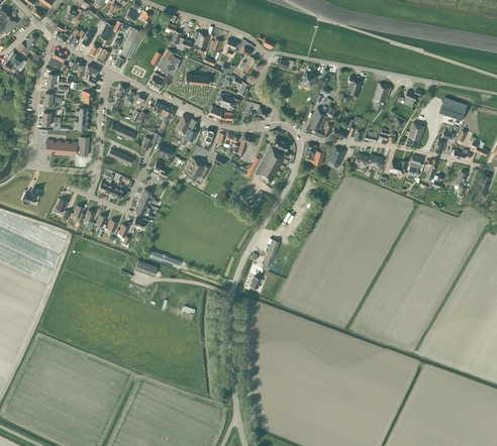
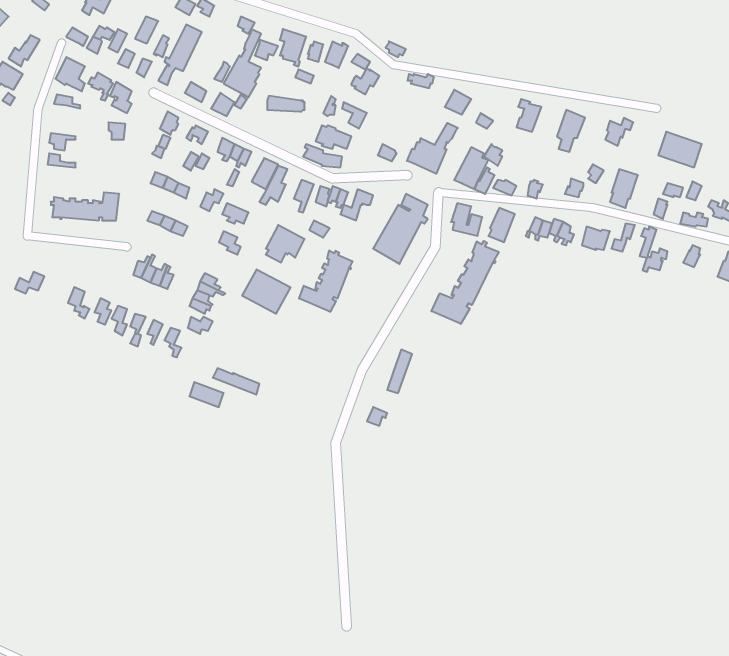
building: none -> [407,123,458,174]
building: none -> [431,241,499,324]
building: none -> [299,250,353,312]
building: none -> [242,269,290,314]

